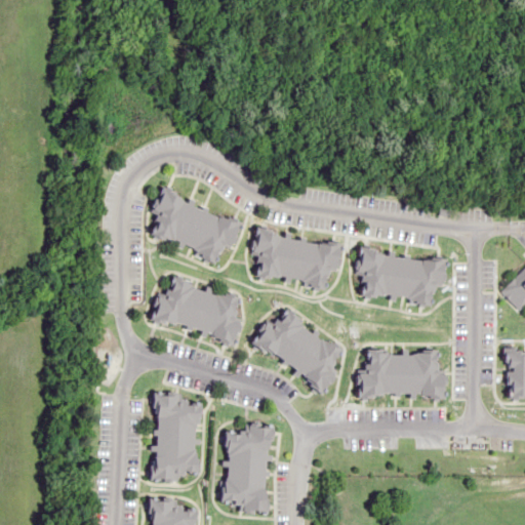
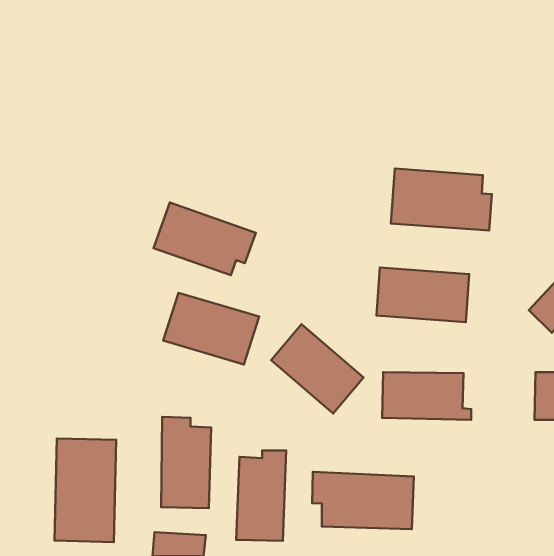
building: none -> [391,169,492,231]
building: [249,228,341,291] -> none
building: none -> [54,438,116,542]
building: none -> [312,472,414,529]

